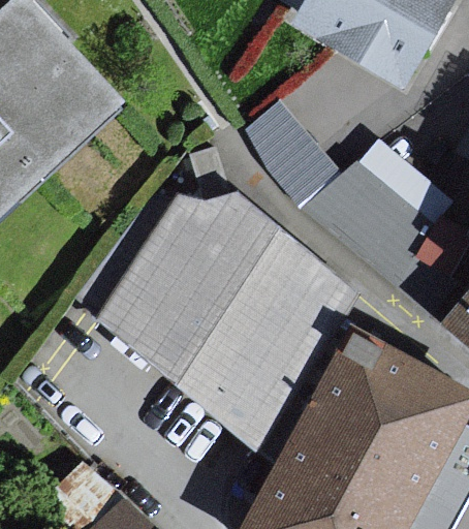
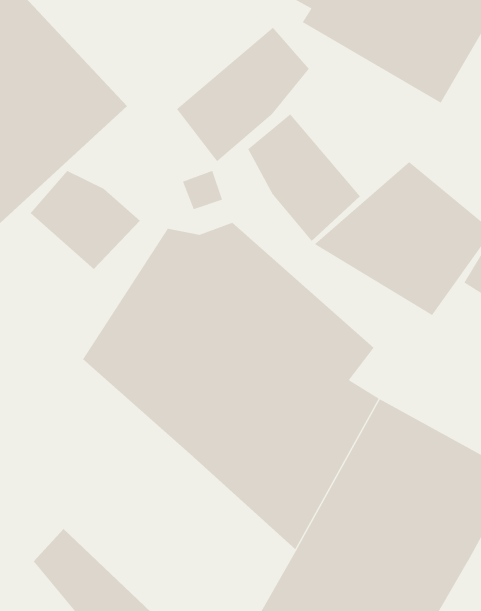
building: none -> [176,27,310,162]
building: none -> [30,170,141,270]

